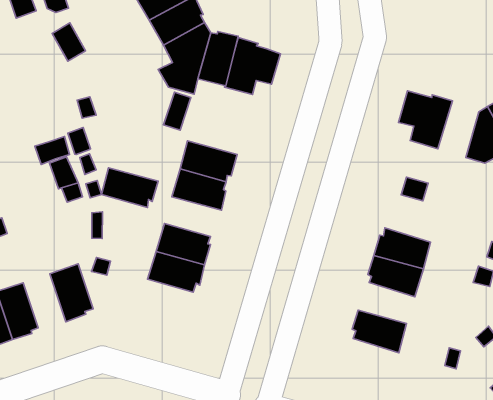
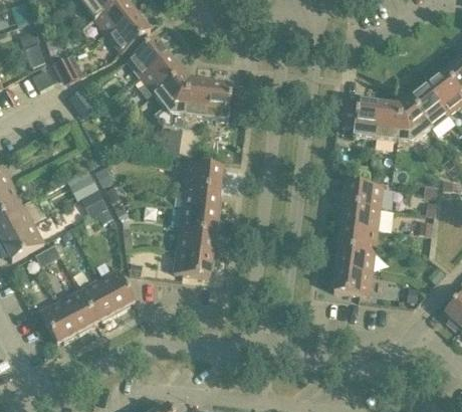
building: none -> [375,99,401,141]
building: [102,168,158,207] -> [178,207,219,232]
building: none -> [343,182,384,209]
building: none -> [78,280,115,323]
building: none -> [334,247,376,273]

